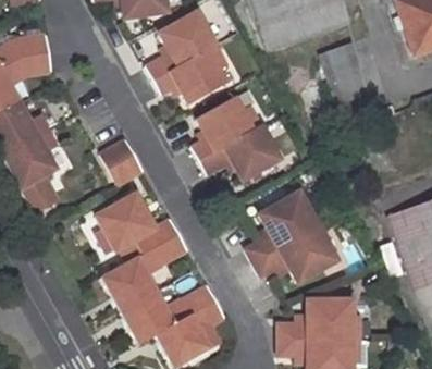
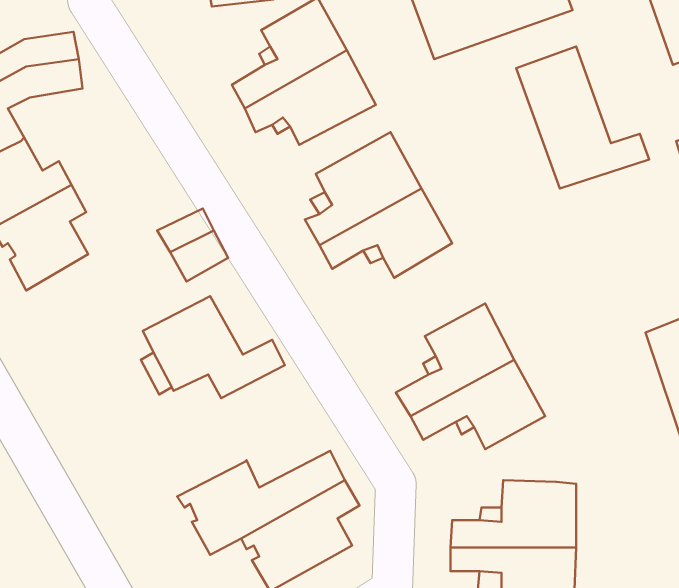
building: [97,233,188,311] -> none

